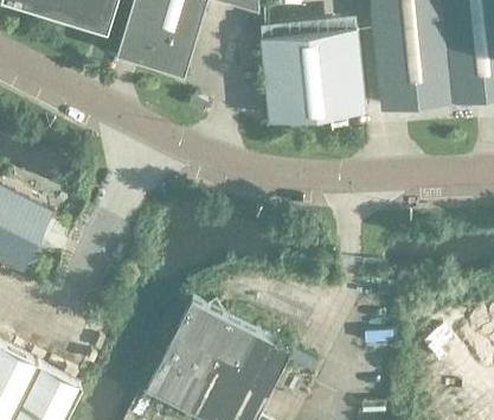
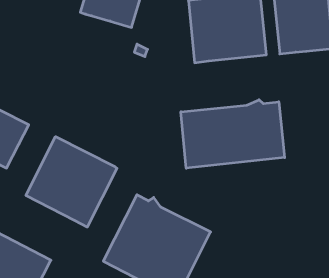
building: none -> [181,100,285,168]
building: none -> [26,137,117,227]

